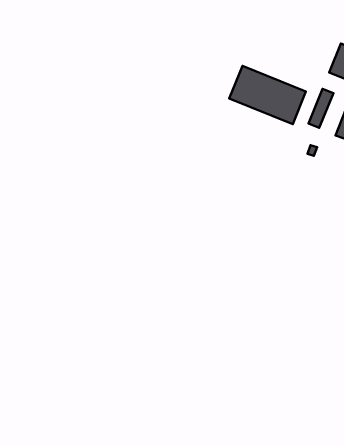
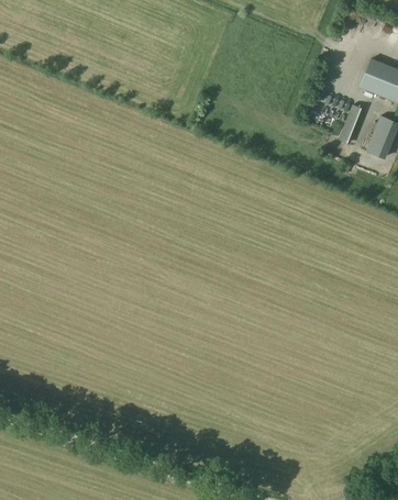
building: [229,66,306,124] -> none

